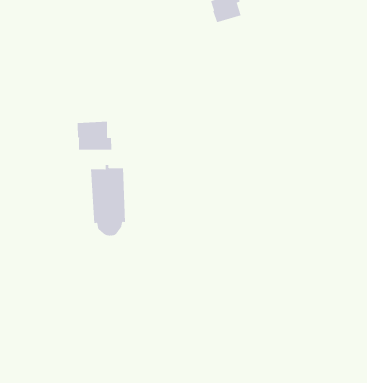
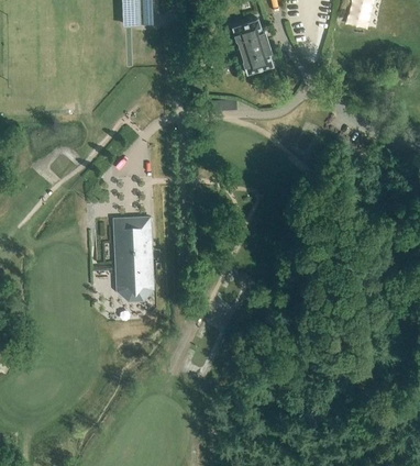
building: [77,121,112,151] -> none

